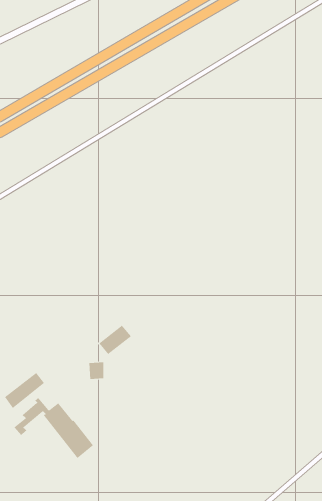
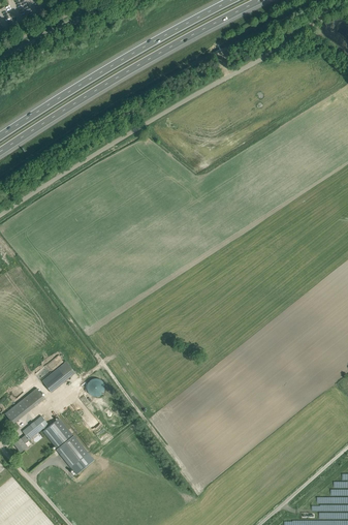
building: [98,325,132,355] -> [42,361,75,391]

